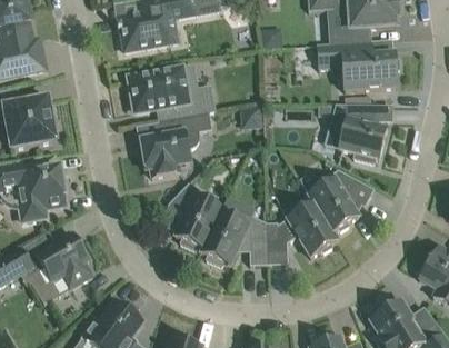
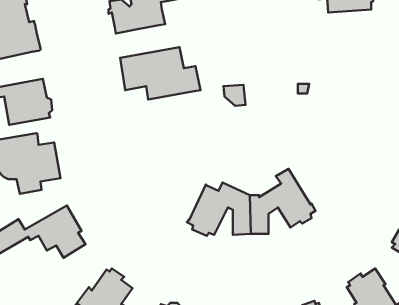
building: [316,40,399,90] -> none
building: [328,103,387,162] -> none
building: [140,112,211,177] -> none
building: [308,169,373,232] -> none
building: [169,182,222,250] -> none

